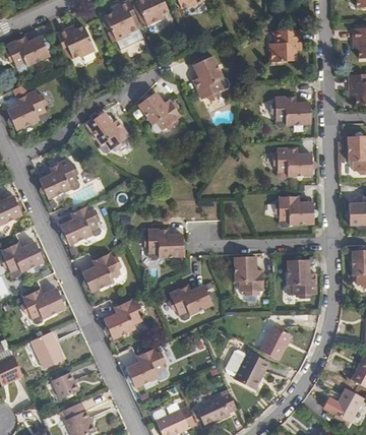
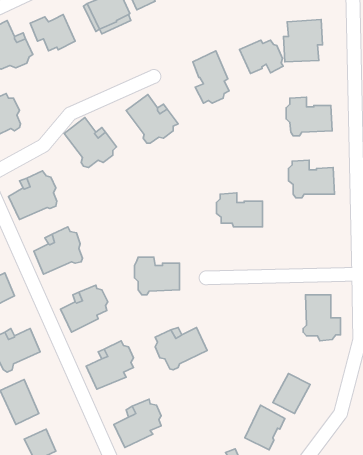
building: none -> [239,40,283,74]
building: [273,194,312,223] -> [216,193,262,227]
building: [233,256,262,295] -> none

